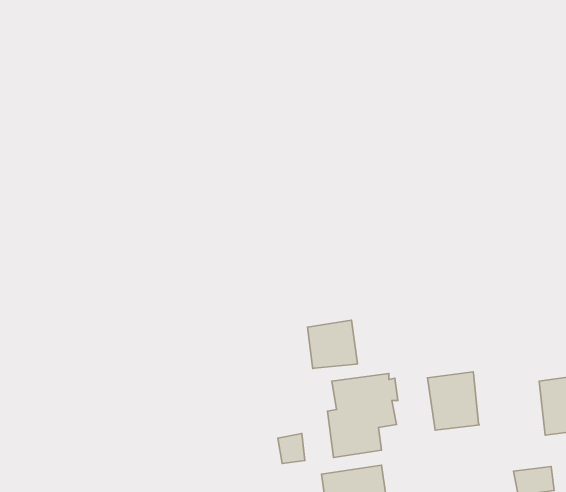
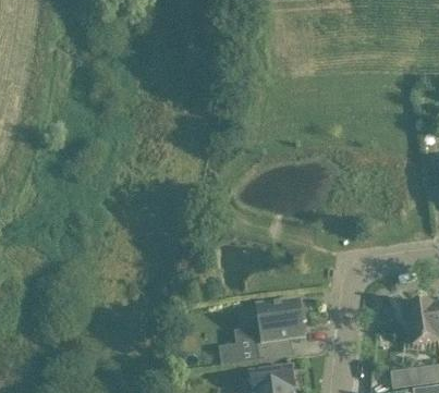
building: [308,320,357,369] -> none
building: [427,372,479,430] -> none

